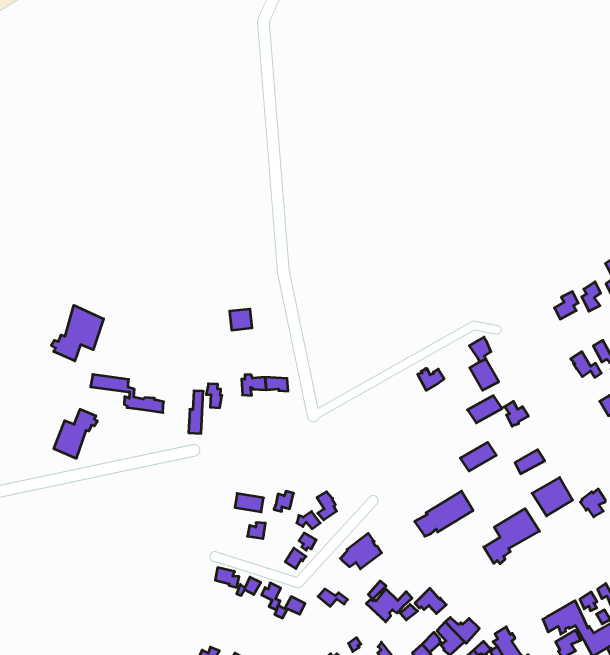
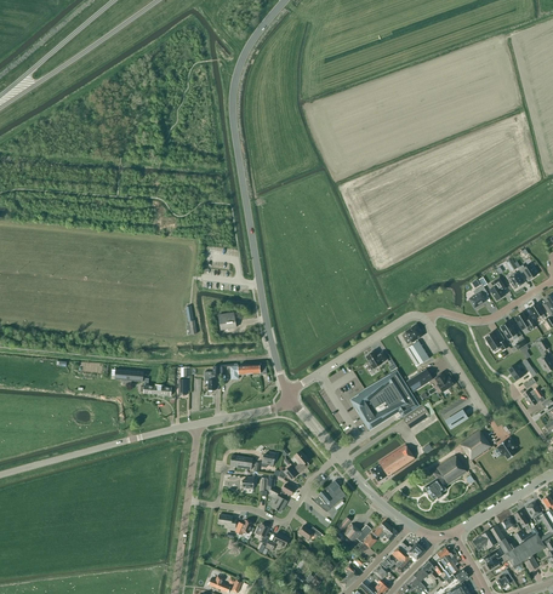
building: [51,305,104,361] -> none
building: none -> [353,376,407,428]
building: [54,409,97,458] -> none

